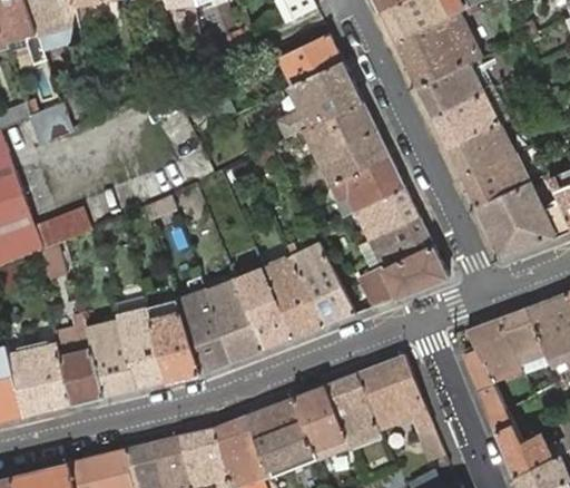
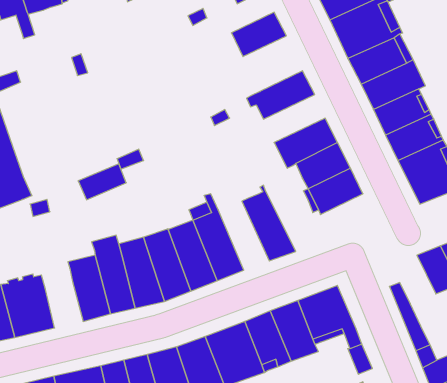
building: [278,60,363,138] -> none
building: [317,129,390,186] -> none
building: [35,206,91,248] -> [78,164,126,200]
building: [364,246,449,305] -> none
building: [264,255,324,336] -> none
building: [53,315,105,404] -> none
building: [468,319,520,375] -> none

